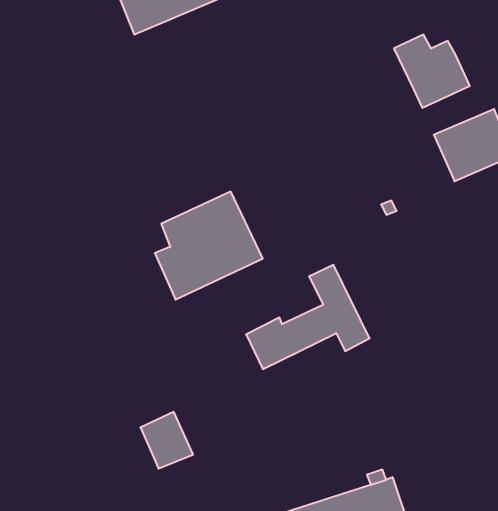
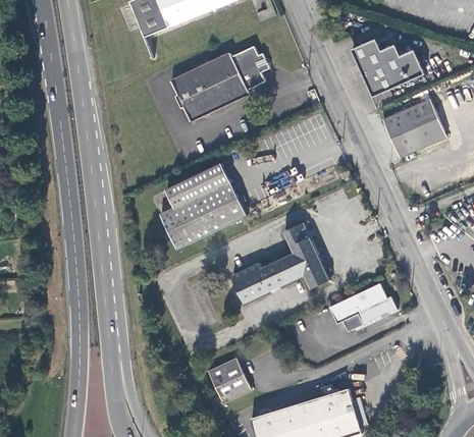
building: none -> [170,45,269,118]
building: none -> [399,48,423,78]
building: none -> [328,282,397,330]
building: [140,412,193,469] -> [209,358,251,402]

